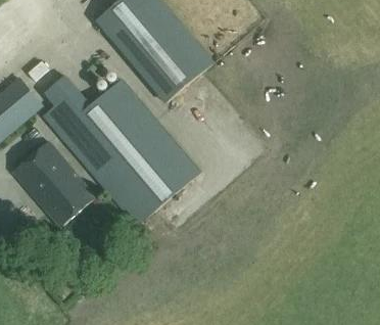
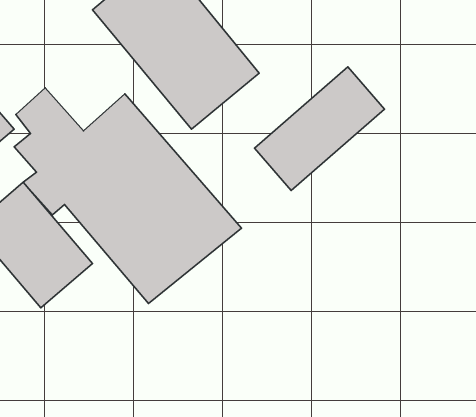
building: none -> [254,67,385,190]

